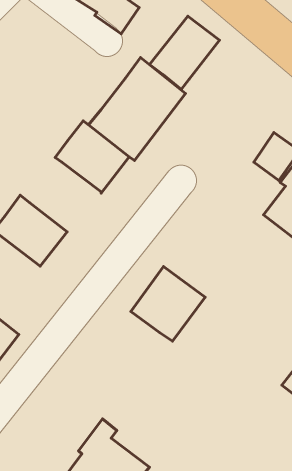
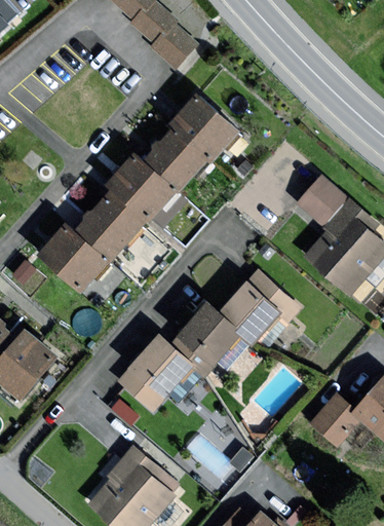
building: [149,16,219,90] -> none
building: none -> [76,191,147,261]
building: none -> [218,276,302,343]
building: none -> [121,333,195,414]

